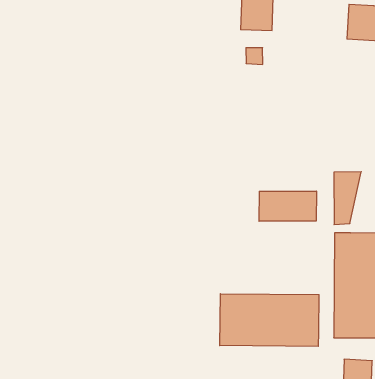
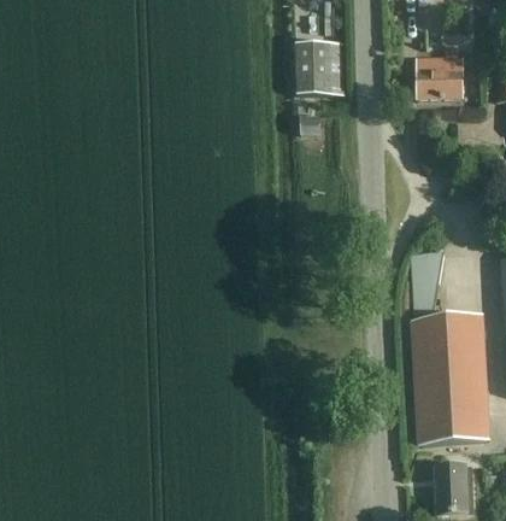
building: [259,191,316,221] -> none
building: [220,294,319,346] -> none

